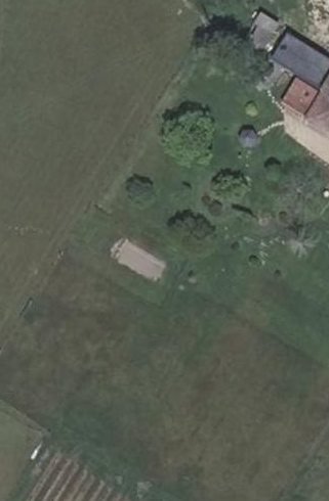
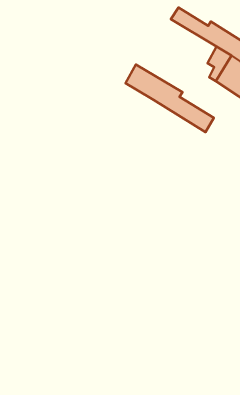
building: none -> [126,64,214,132]

